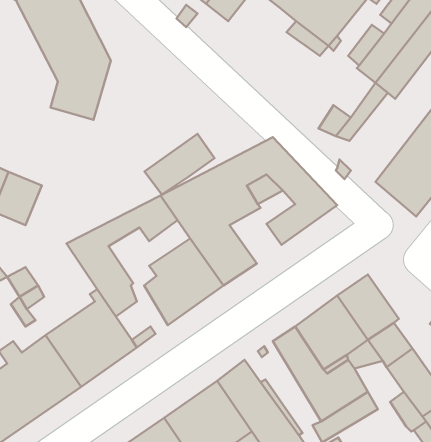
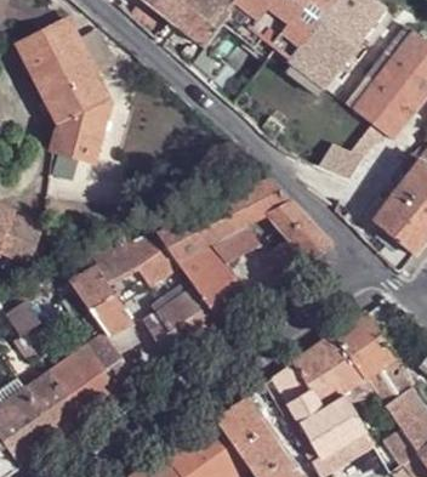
building: [145,134,214,195] -> none

